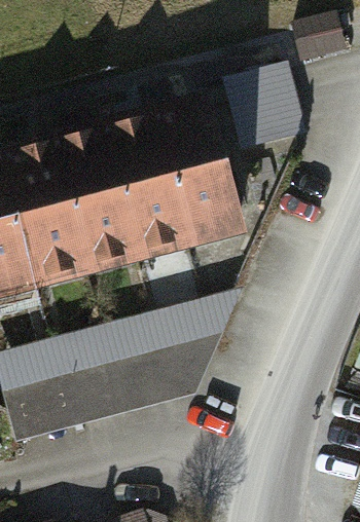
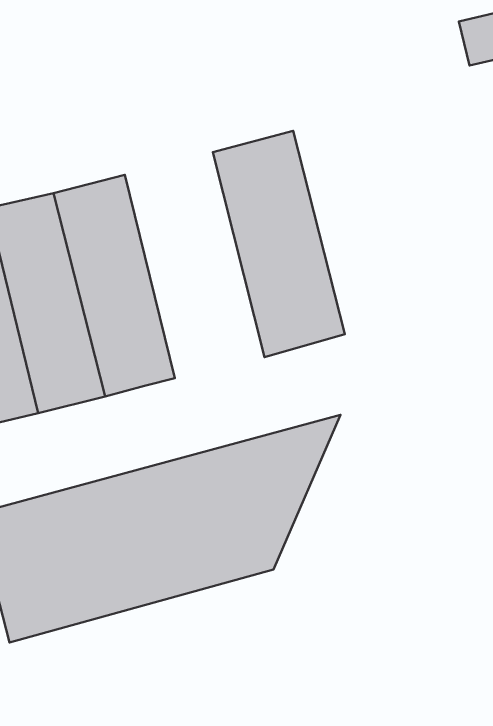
building: [222,67,304,147] -> none
building: [89,111,184,264] -> none

